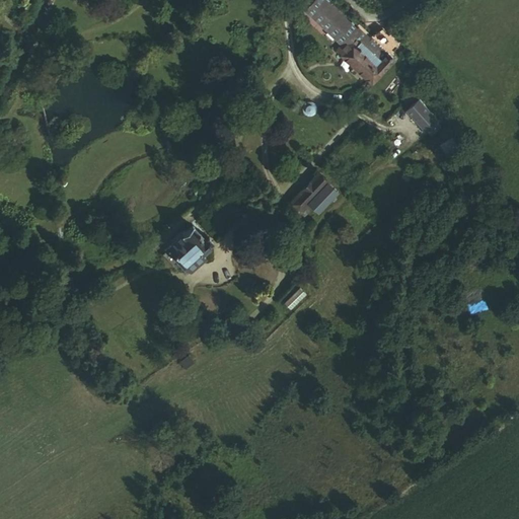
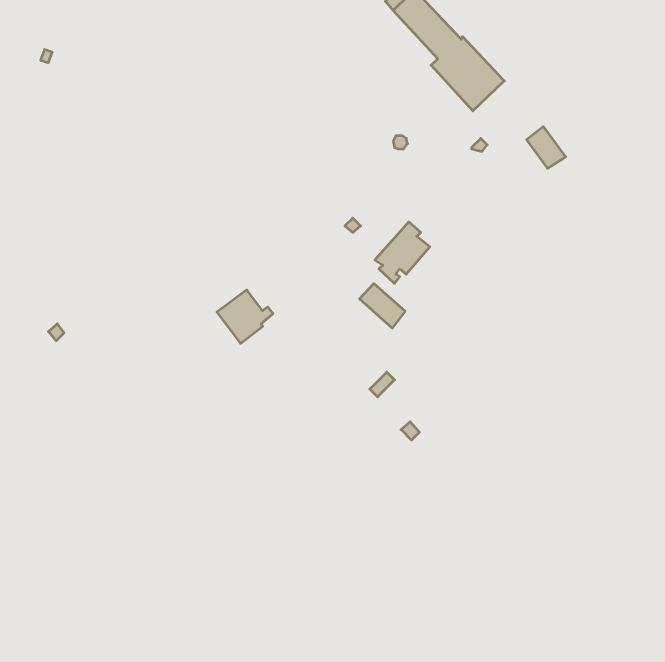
building: none -> [360,284,405,328]

